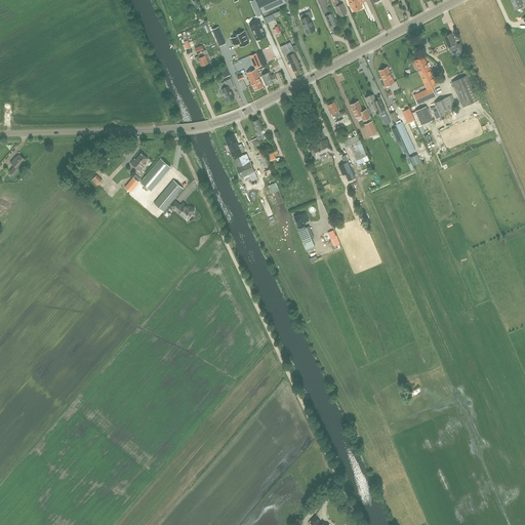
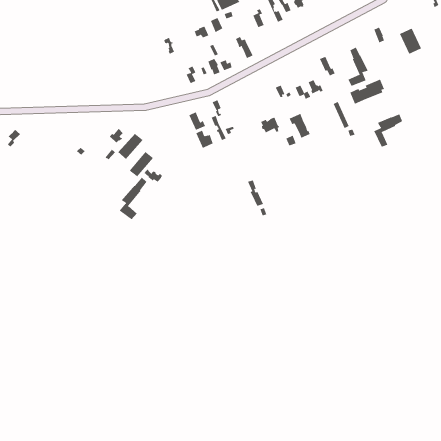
building: [451,74,478,106] -> [399,28,422,55]
building: none -> [373,114,403,148]
building: none -> [119,177,147,220]

